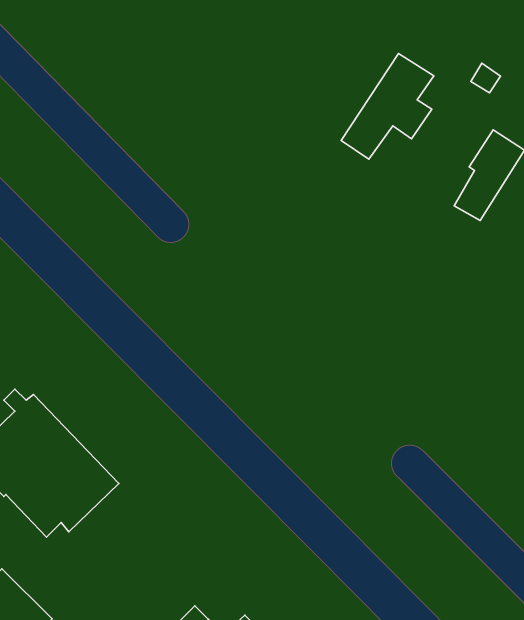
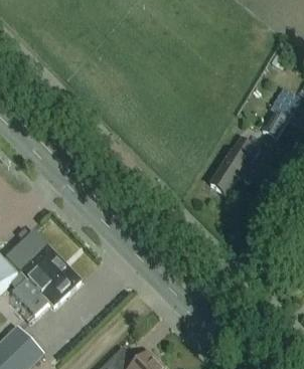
building: [341,54,434,159] -> [209,136,260,193]

